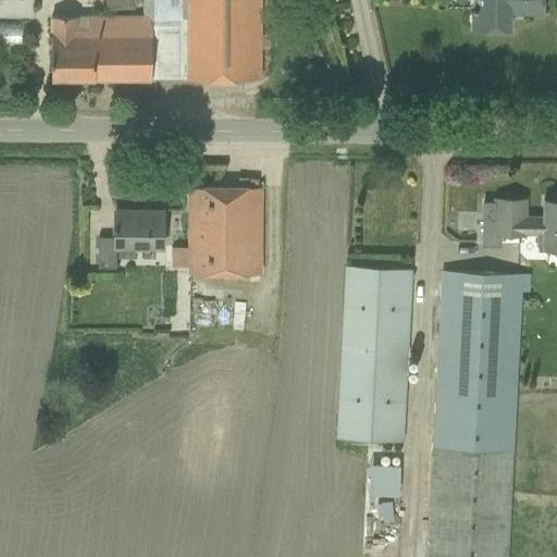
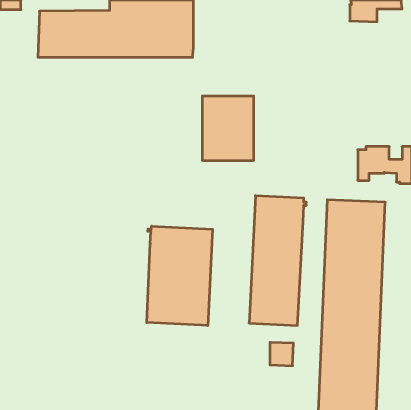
building: [190,188,260,275] -> [202,96,254,160]
building: [99,212,163,265] -> none
building: none -> [147,226,213,326]

